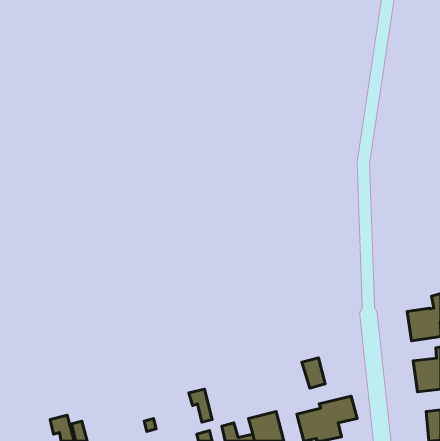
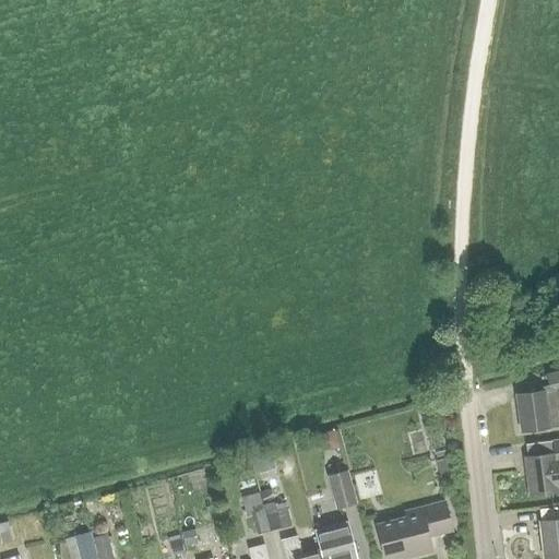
building: [302,358,325,388] -> [326,469,356,508]
building: none -> [260,489,289,531]

